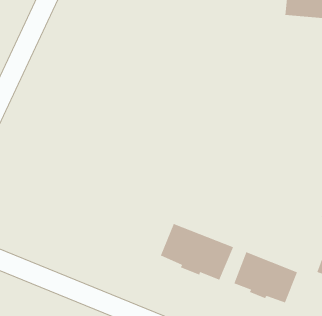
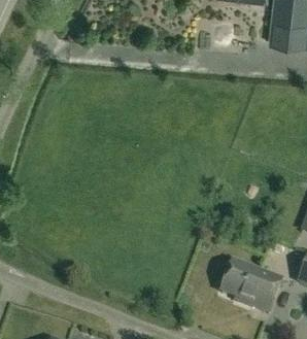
building: [160,223,234,281] -> none

